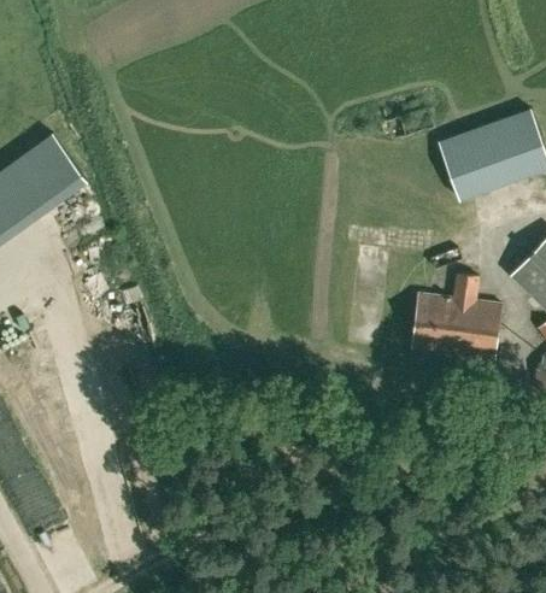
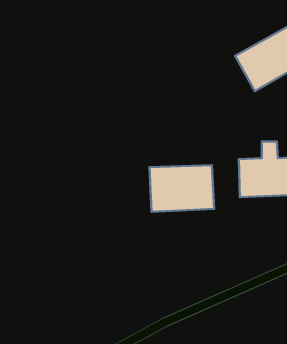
building: none -> [150,165,214,212]

